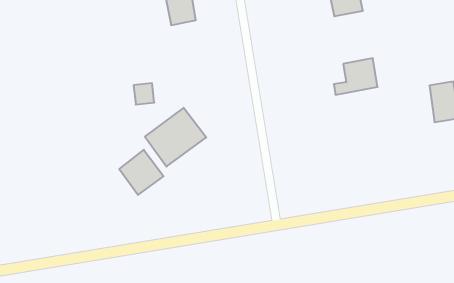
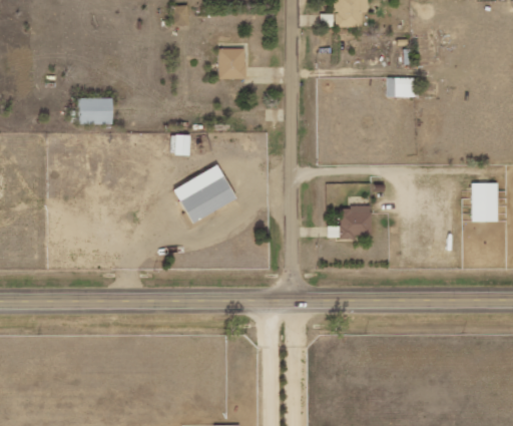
building: [334,58,378,95] -> [327,205,371,237]
building: none -> [78,97,112,123]
building: [119,150,163,195] -> none

